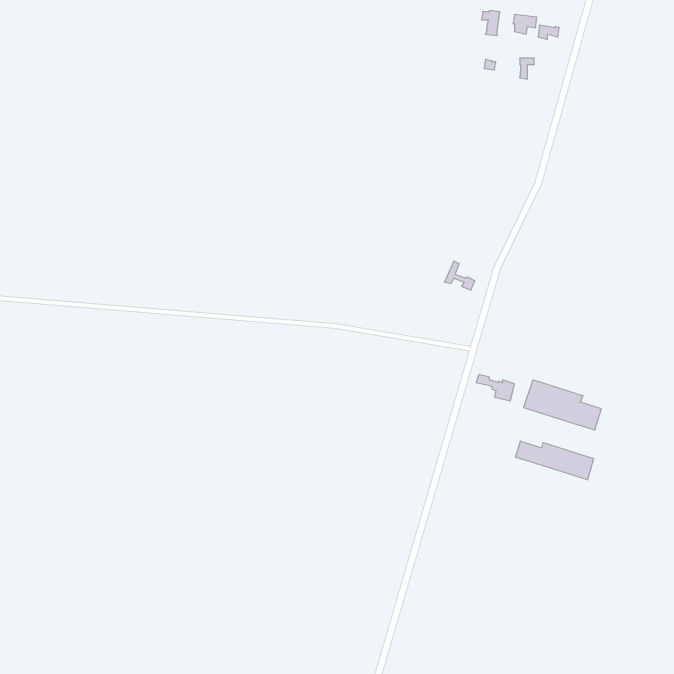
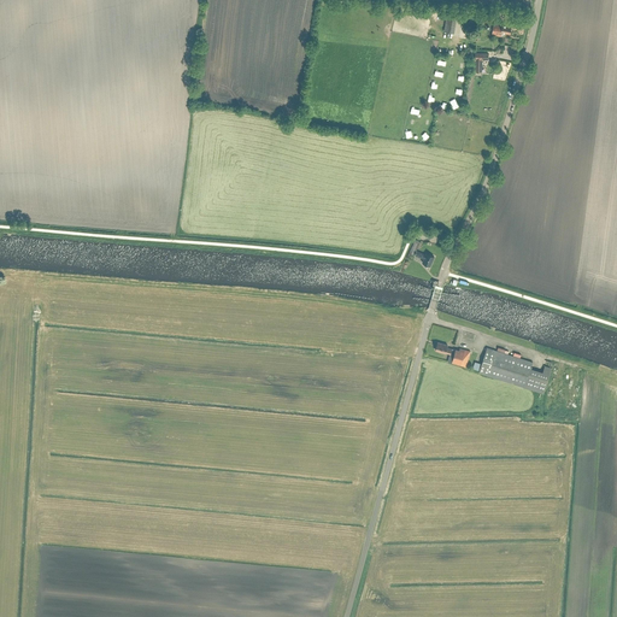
building: [515,441,594,480] -> none

